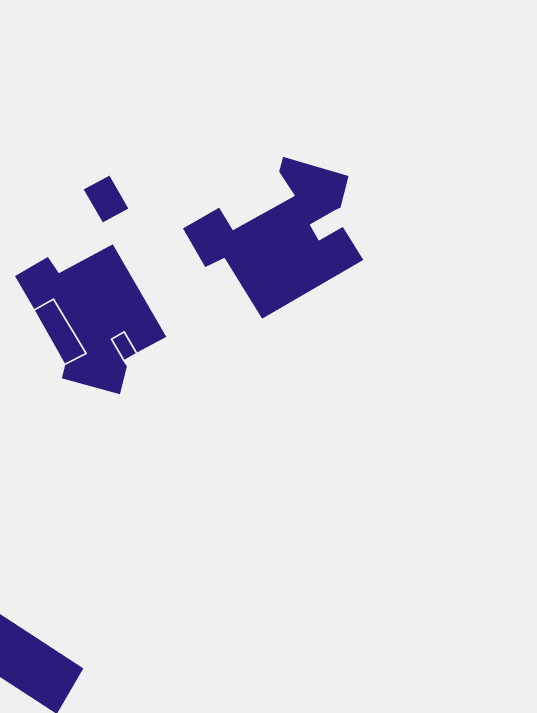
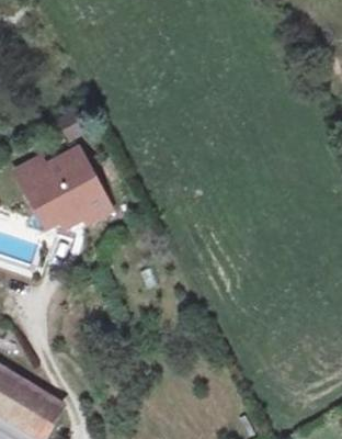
building: [182,156,365,320] -> none

